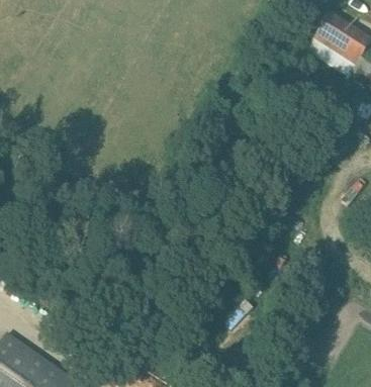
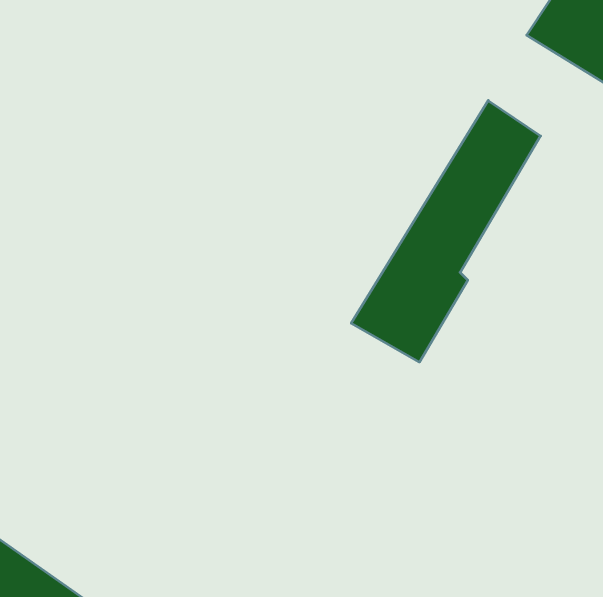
building: none -> [351,100,541,362]

